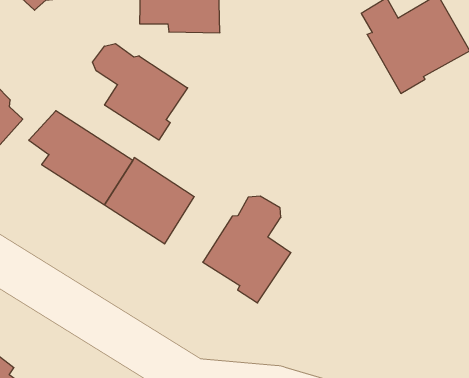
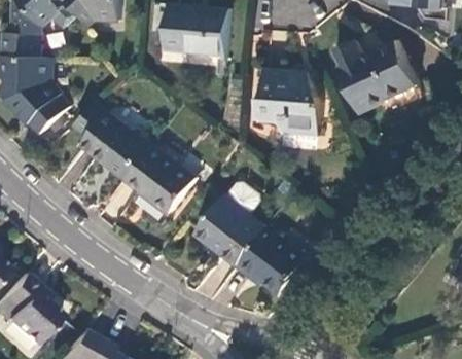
building: [92,44,188,140] -> none
building: none -> [255,70,320,137]
building: none -> [236,228,304,292]

